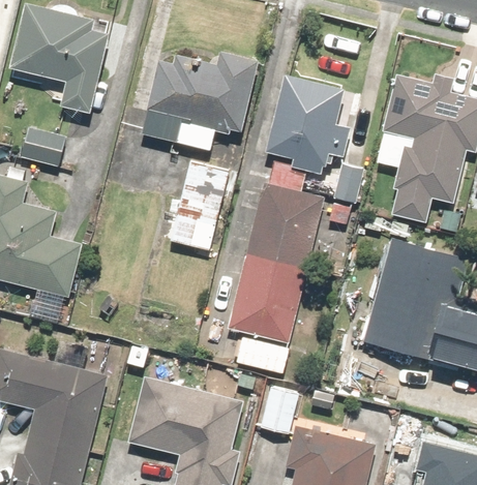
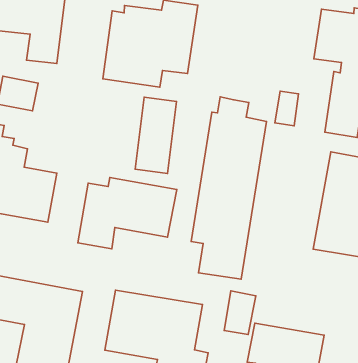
building: [267,77,346,178] -> none
building: none -> [78,177,177,249]

